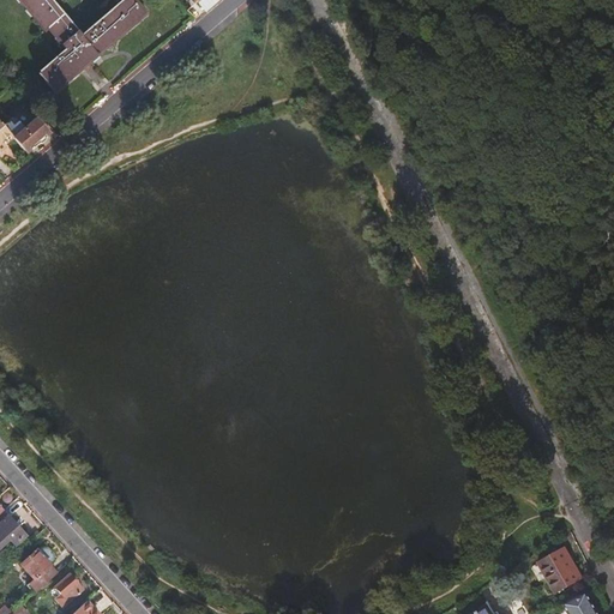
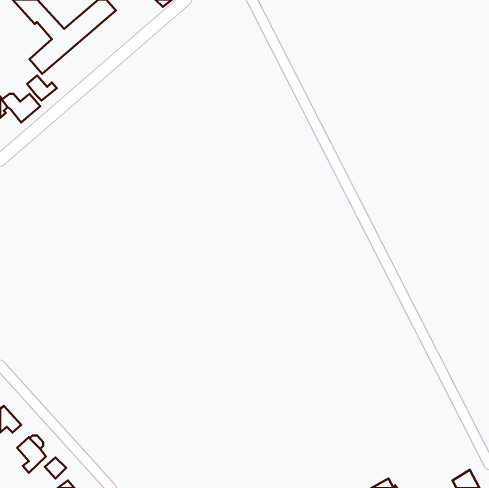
building: none -> [27,76,57,101]
building: [540,547,580,590] -> none

